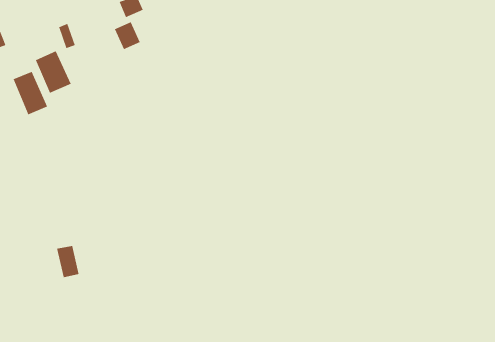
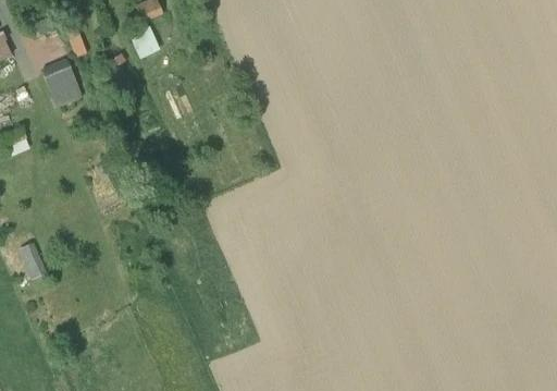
building: [13,71,48,115] -> none
building: [56,245,80,278] -> [17,240,44,277]

